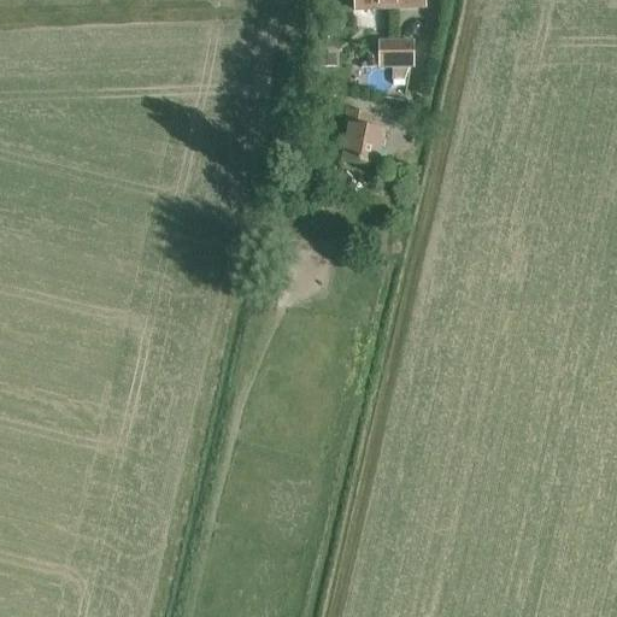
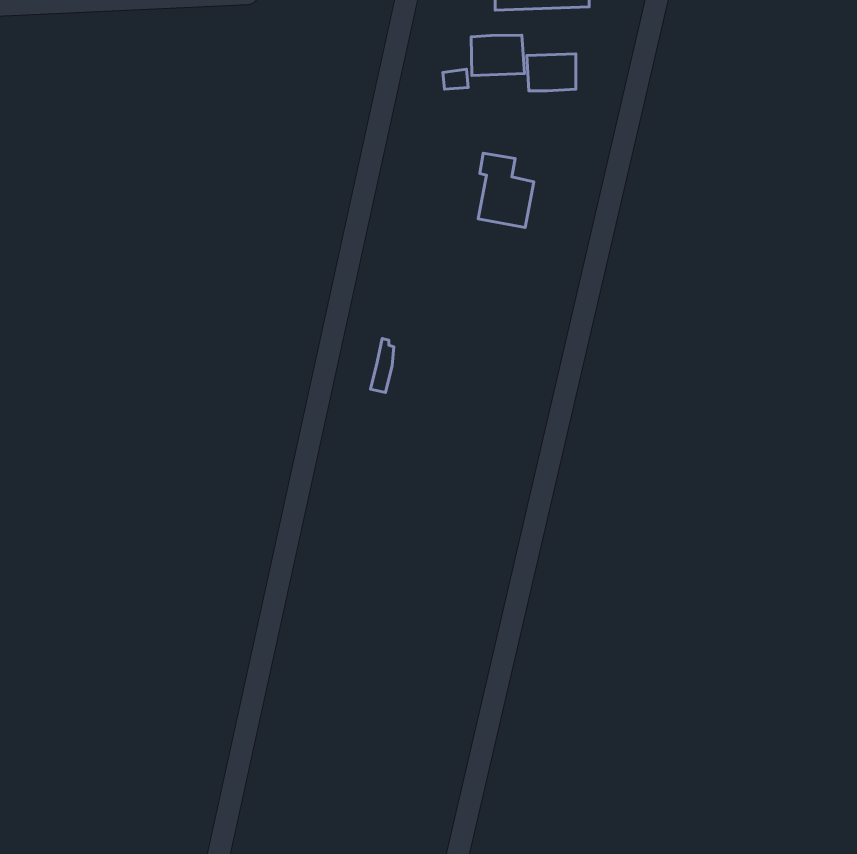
building: none -> [471,35,524,75]

